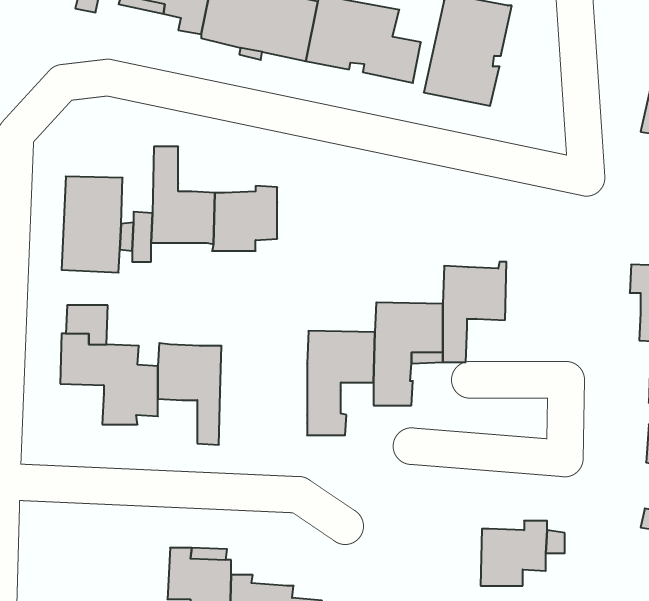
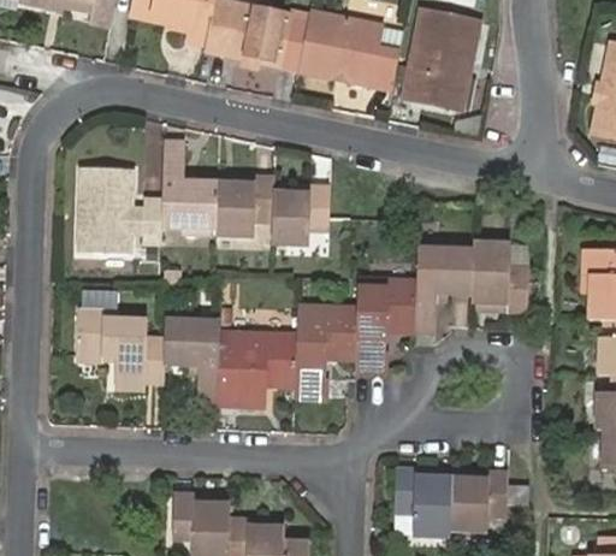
building: none -> [268,187,330,244]
building: none -> [472,244,528,312]
building: none -> [218,332,296,407]
building: none -> [395,472,451,539]

